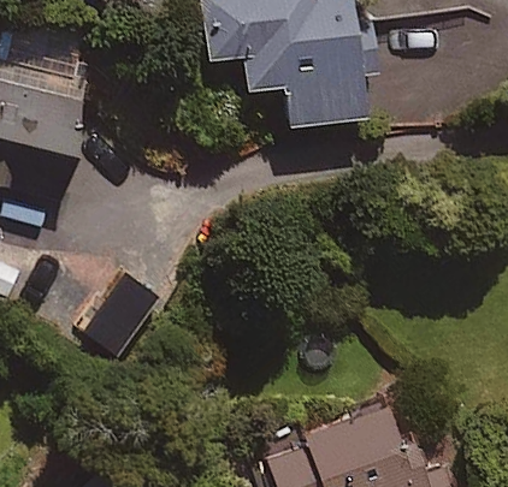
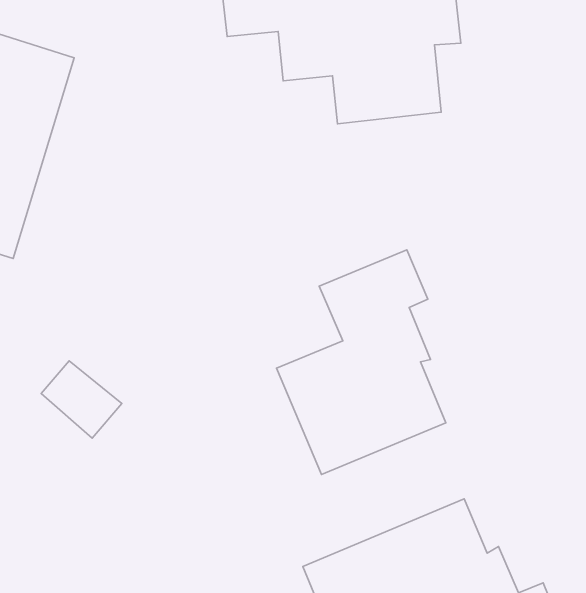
building: none -> [277,250,446,475]

